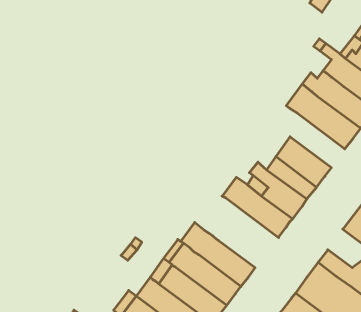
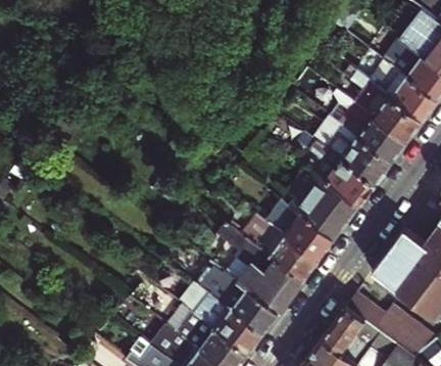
building: none -> [299,129,378,202]
building: none -> [217,219,306,311]

